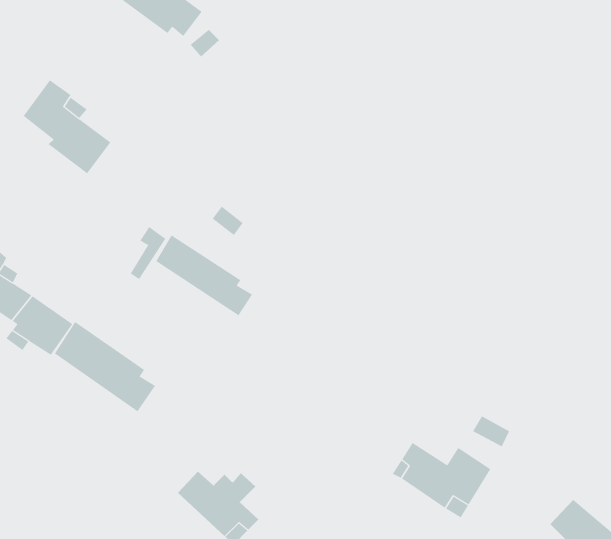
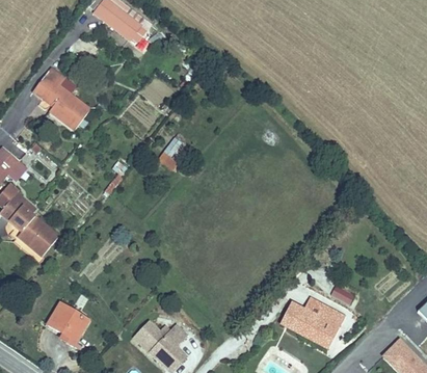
building: [155,234,253,316] -> none
building: [54,321,156,412] -> none
building: none -> [46,302,87,345]

